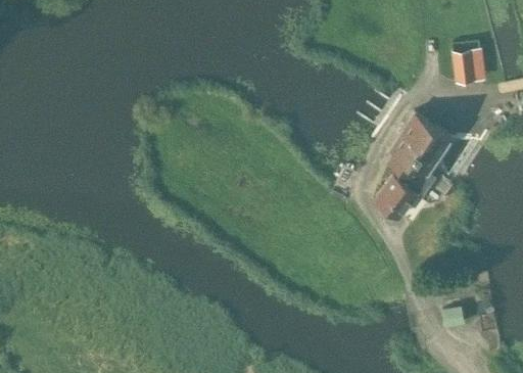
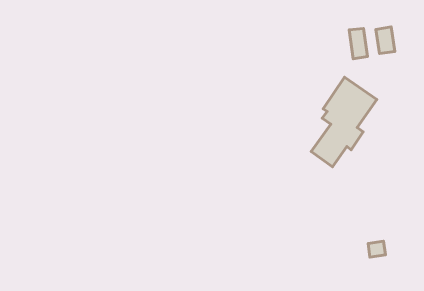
building: none -> [349,29,367,59]

